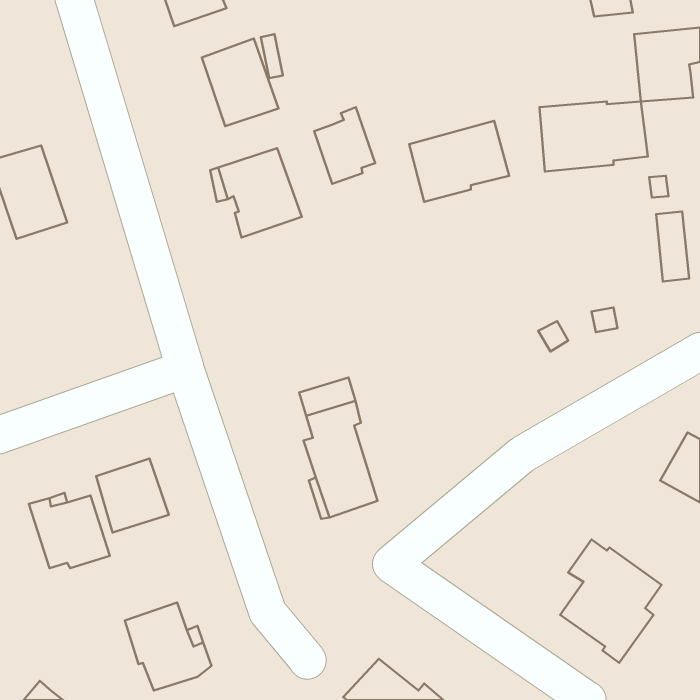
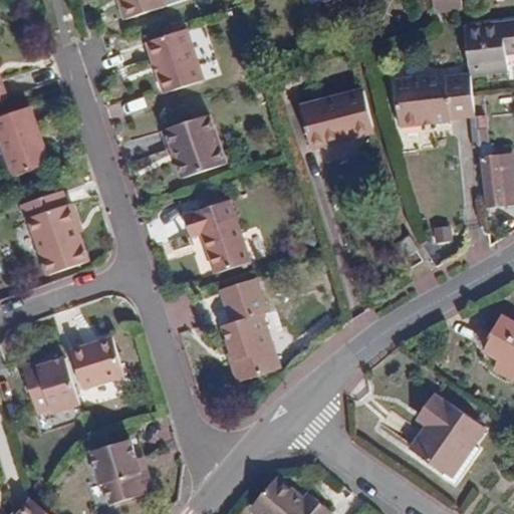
building: [314,107,375,184] -> none
building: none -> [20,189,86,272]
building: none -> [182,196,249,269]

